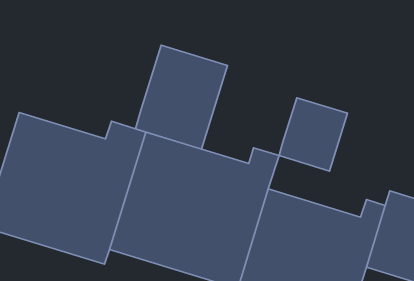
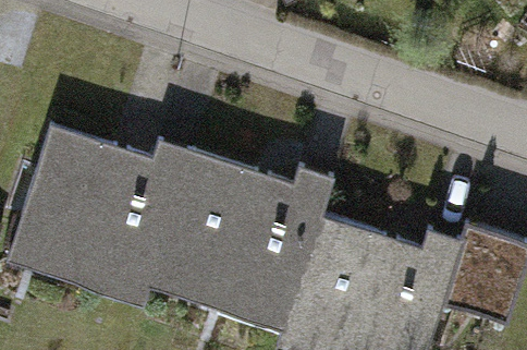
building: [135,45,227,149] -> none
building: [279,98,347,171] -> none

